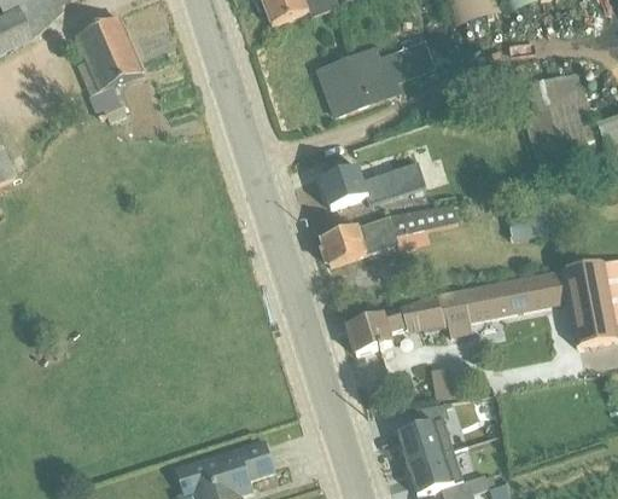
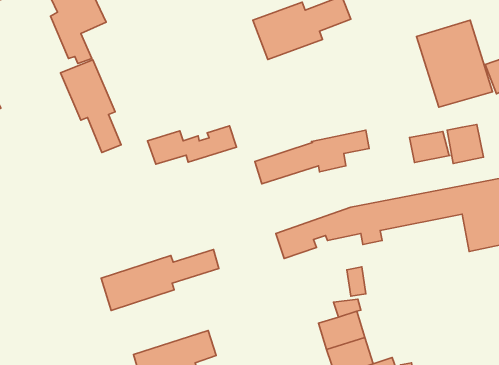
building: none -> [61,60,121,153]
building: [320,161,426,207] -> [148,126,237,164]
building: none -> [447,125,483,163]
building: none -> [101,250,219,310]

